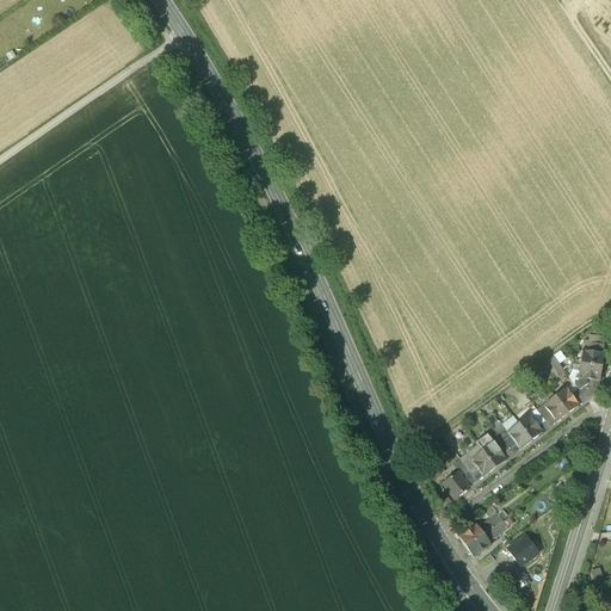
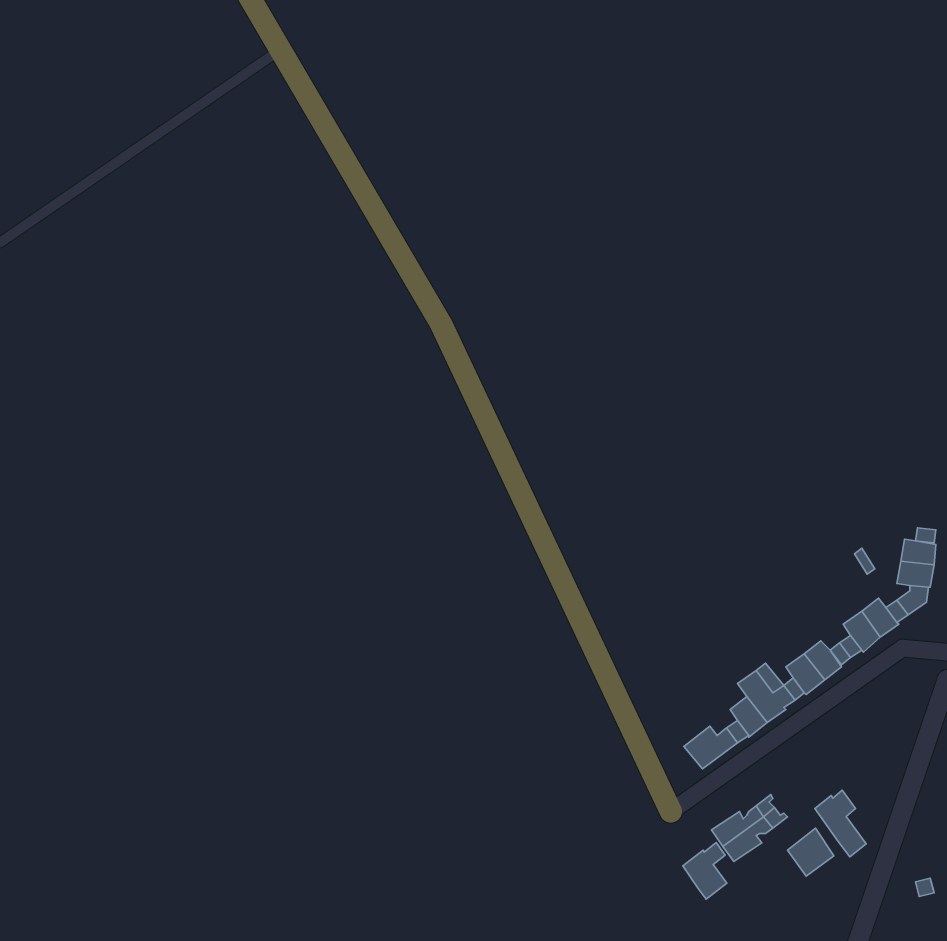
building: none -> [815,790,866,857]
building: none -> [683,843,727,899]

